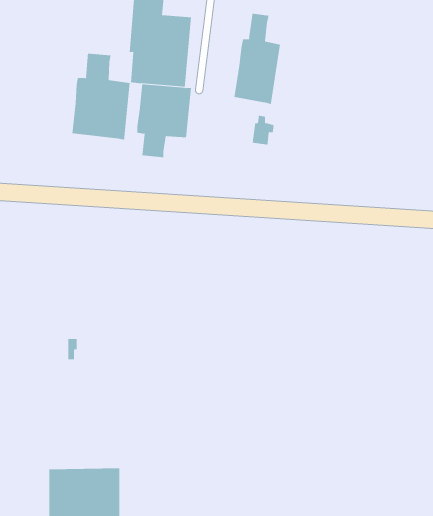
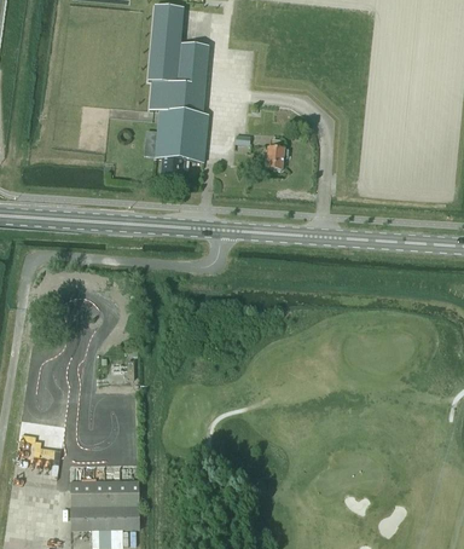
building: [234,13,280,105] -> none
building: [72,53,130,141] -> none

